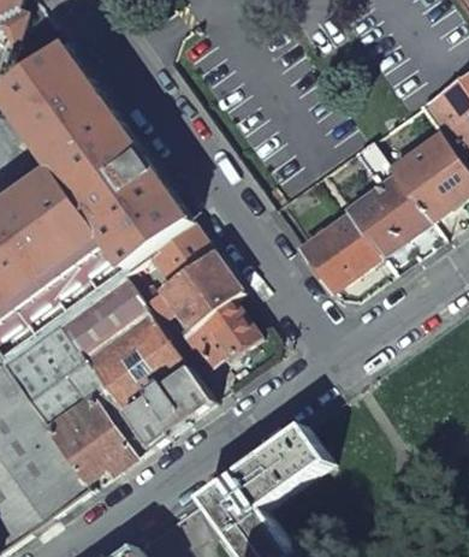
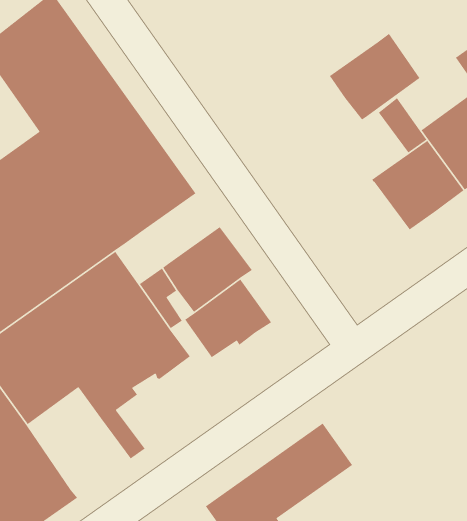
building: none -> [329,33,421,120]
building: [299,213,379,290] -> none
building: [130,223,213,284] -> none
building: [123,366,212,446] -> none
building: [44,393,135,482] -> none

